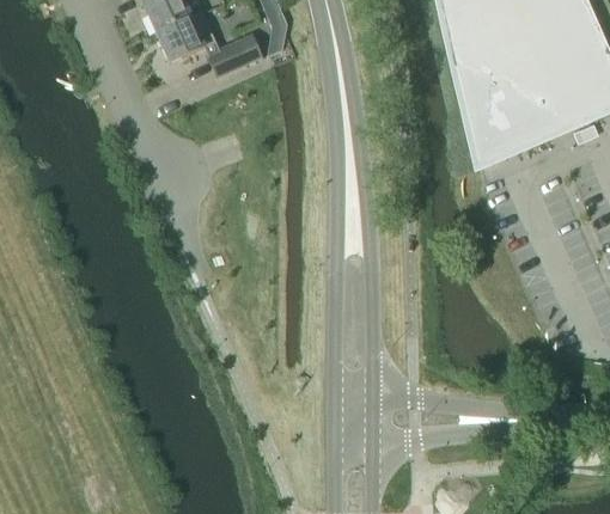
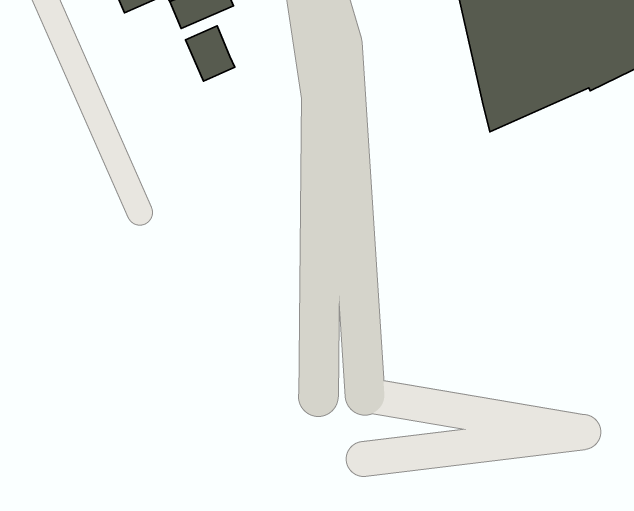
building: none -> [185,26,235,81]

